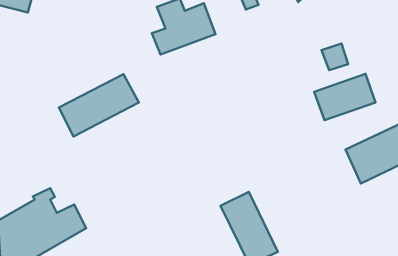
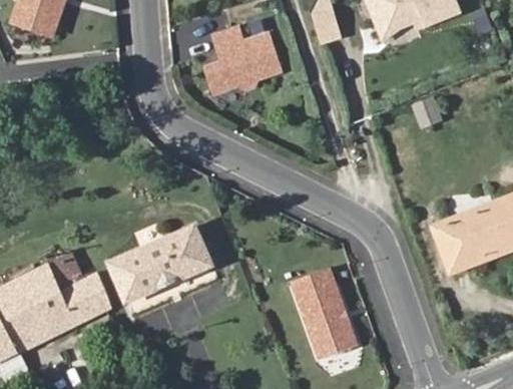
building: [314,74,375,120] -> none
building: [59,74,139,137] -> [111,227,210,300]

